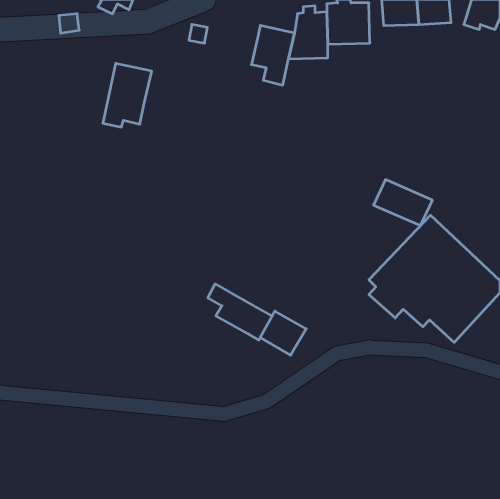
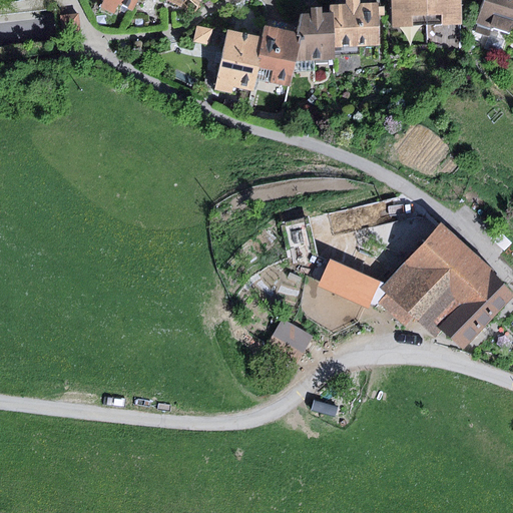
building: [103,63,152,127] -> [214,28,265,93]
building: [374,180,432,226] -> [319,260,379,307]
building: [208,284,272,340] -> none

